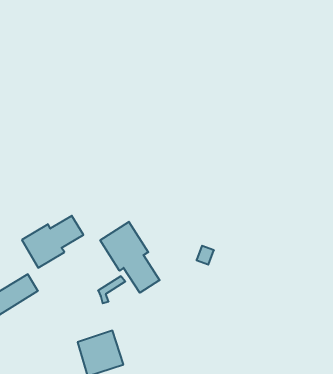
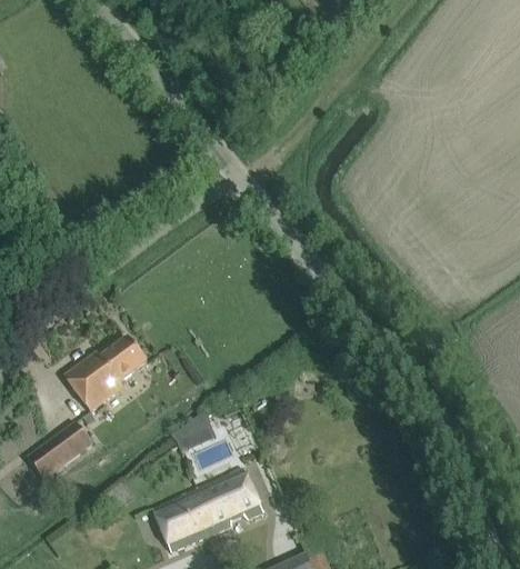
building: [100,222,160,293] -> none
building: none -> [198,467,262,531]

